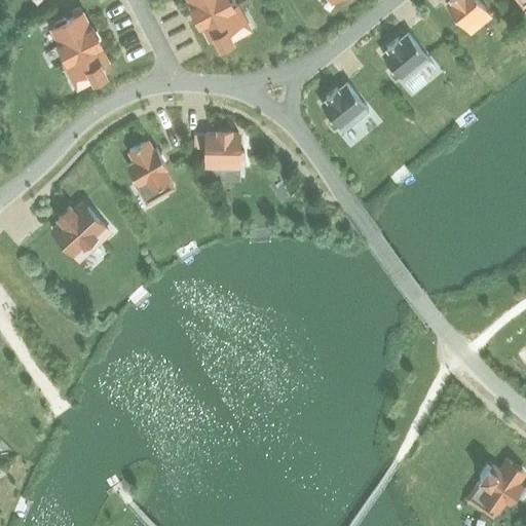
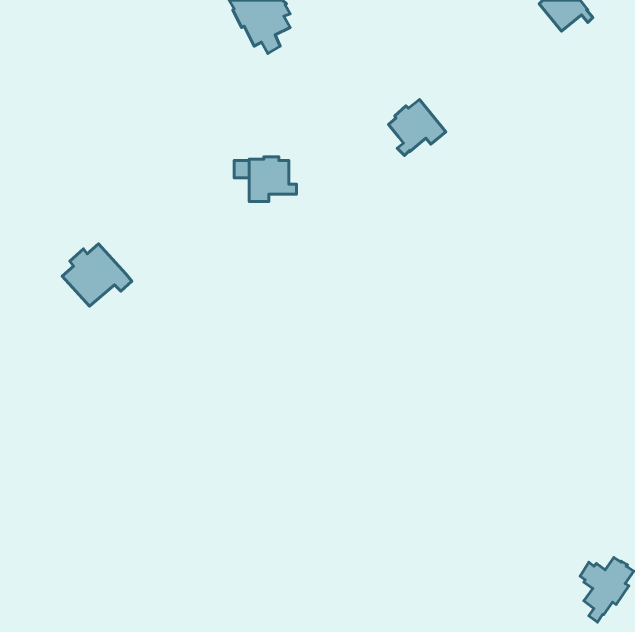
building: [52,9,107,80] -> none
building: [382,36,429,82] -> none
building: [127,142,173,193] -> none

